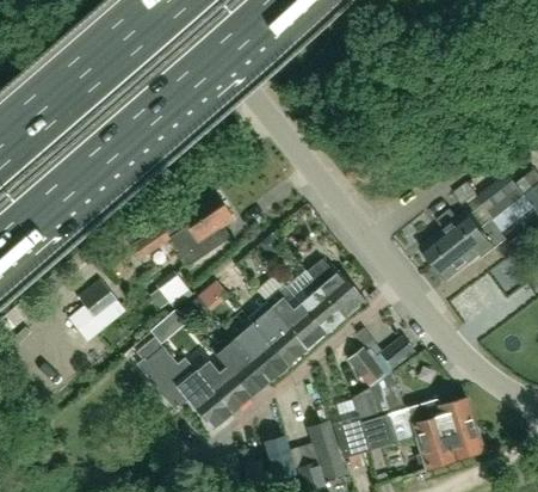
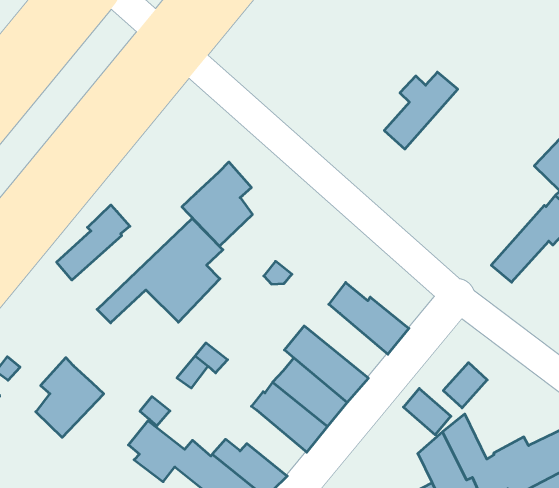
building: none -> [182,162,252,246]
building: none -> [57,205,130,280]
building: [420,211,481,265] -> [384,72,458,149]
building: [284,282,344,334] -> none
building: [210,333,270,398] -> none

